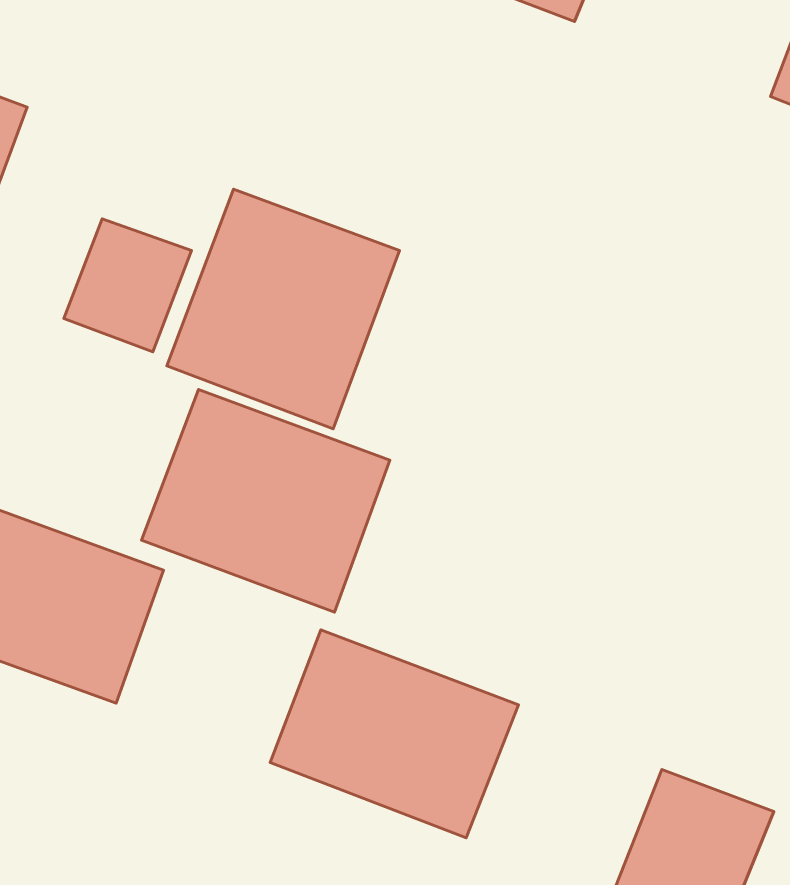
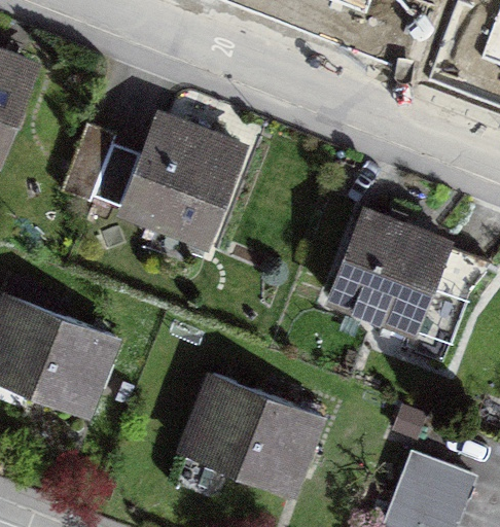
building: none -> [300,195,456,333]
building: [142,389,390,612] -> none

